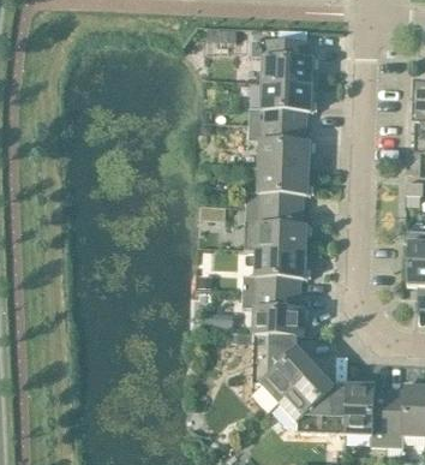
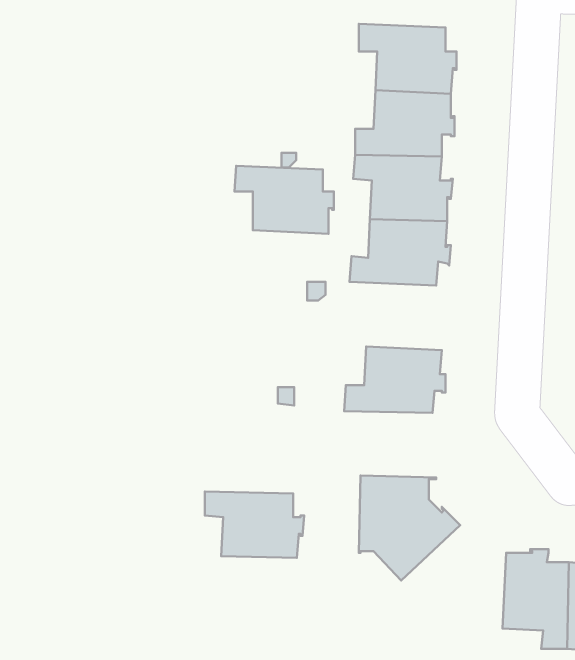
building: [244,207,309,251] -> [234,166,334,234]
building: [241,291,306,334] -> [205,492,304,558]
building: [279,365,347,433] -> none

